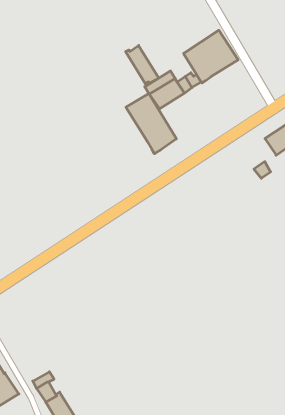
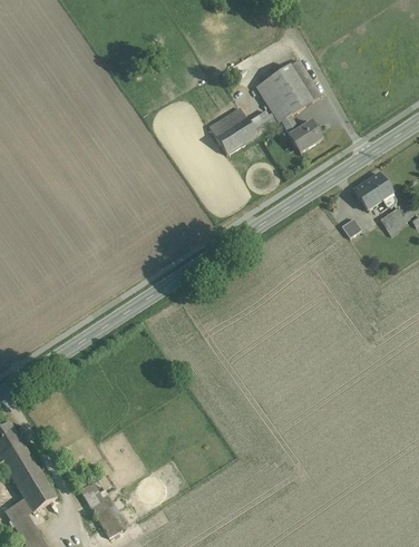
building: [126,45,159,84] -> none
building: none -> [282,114,322,150]
building: [126,93,176,154] -> none

